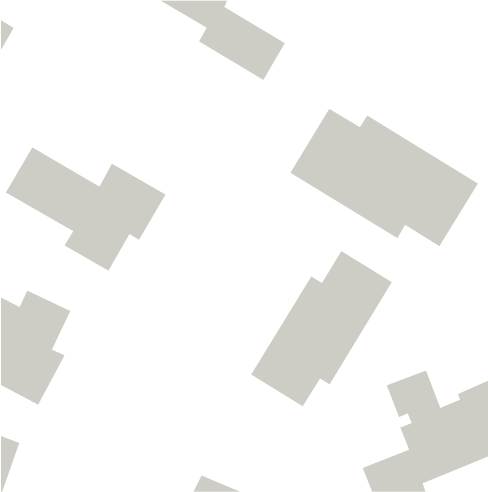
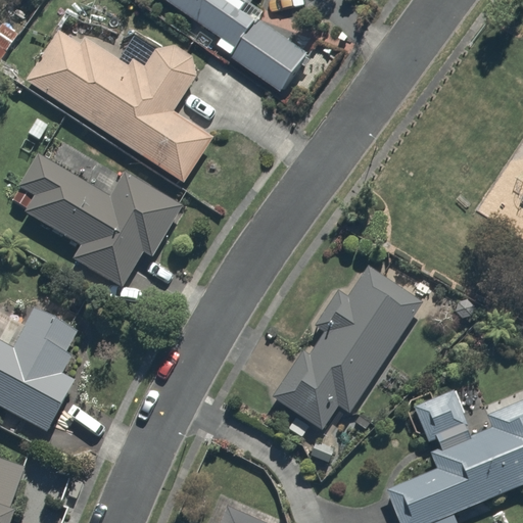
building: none -> [26,12,223,189]
building: [290,108,479,247] -> none

